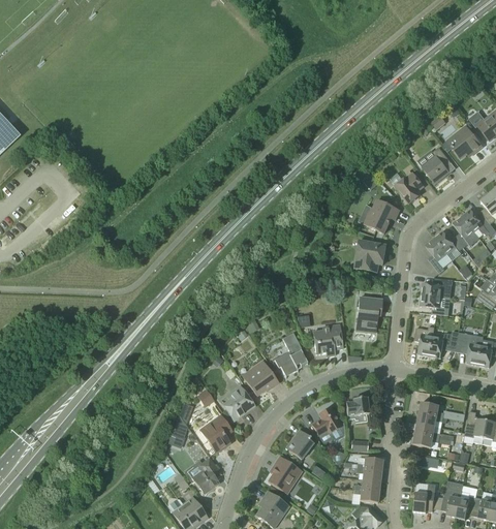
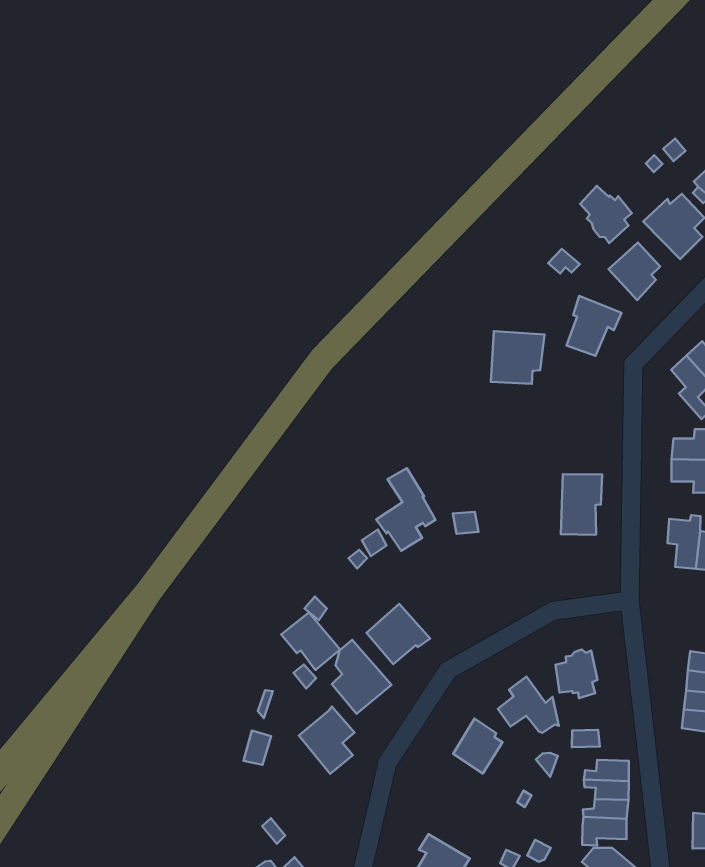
building: none -> [580,186,632,243]
building: [354,240,386,271] -> [491,331,544,384]
building: [313,323,342,355] -> none
building: [274,332,307,377] -> [376,468,436,551]
building: none -> [281,612,340,670]
building: [191,456,221,492] -> none
building: [268,456,302,493] -> none

